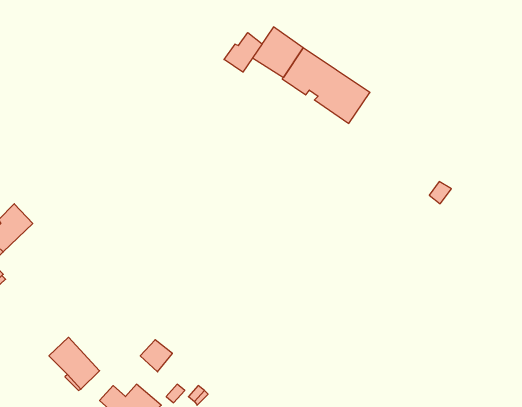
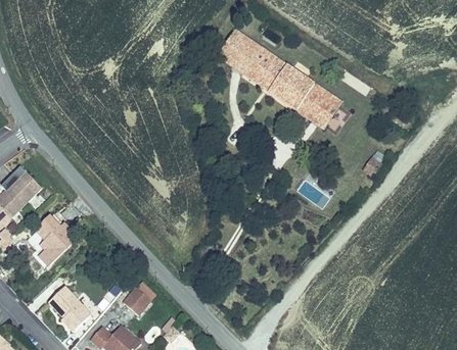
building: [224,33,262,72] -> none
building: none -> [296,84,340,127]
building: none -> [36,208,73,264]

